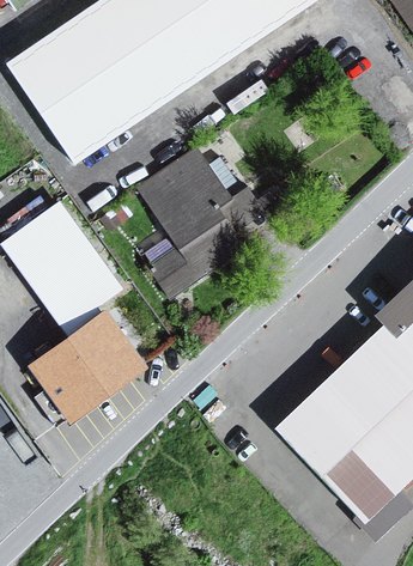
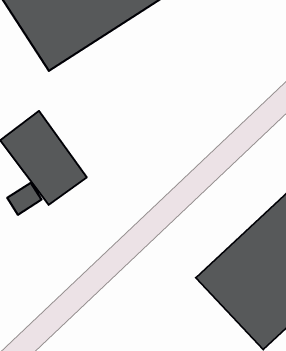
building: [126,144,265,299] -> none
building: [35,315,146,421] -> none

